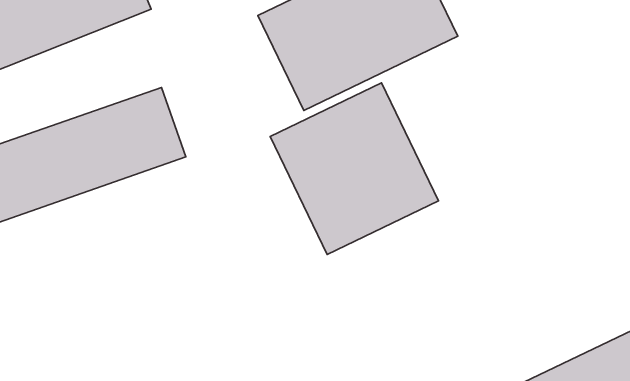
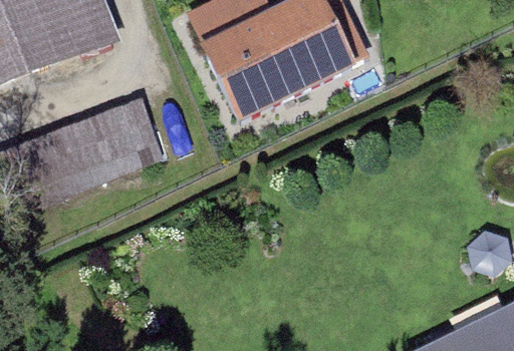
building: [270,83,438,254] -> none

